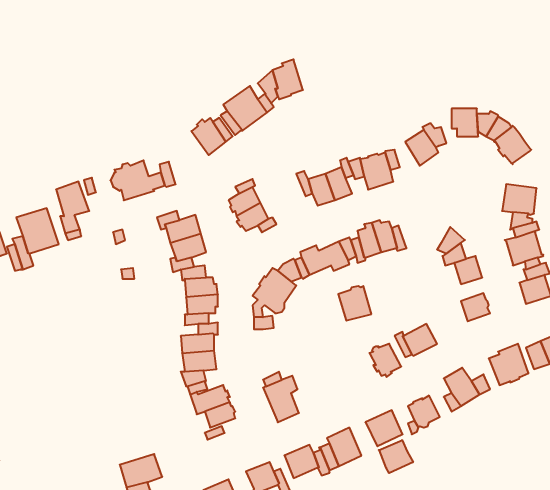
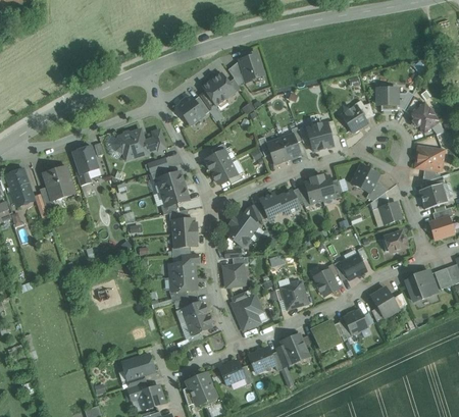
building: none -> [352,164,379,192]
building: [338,286,371,321] -> [282,281,307,308]
building: none -> [223,263,246,286]
building: [379,440,413,473] -> none

